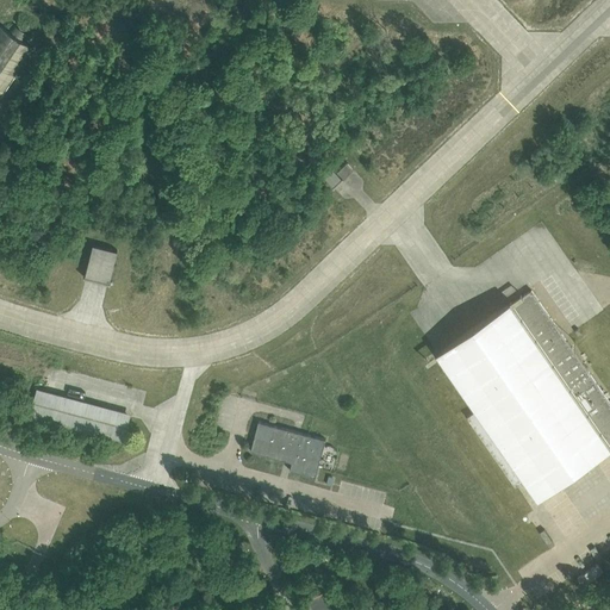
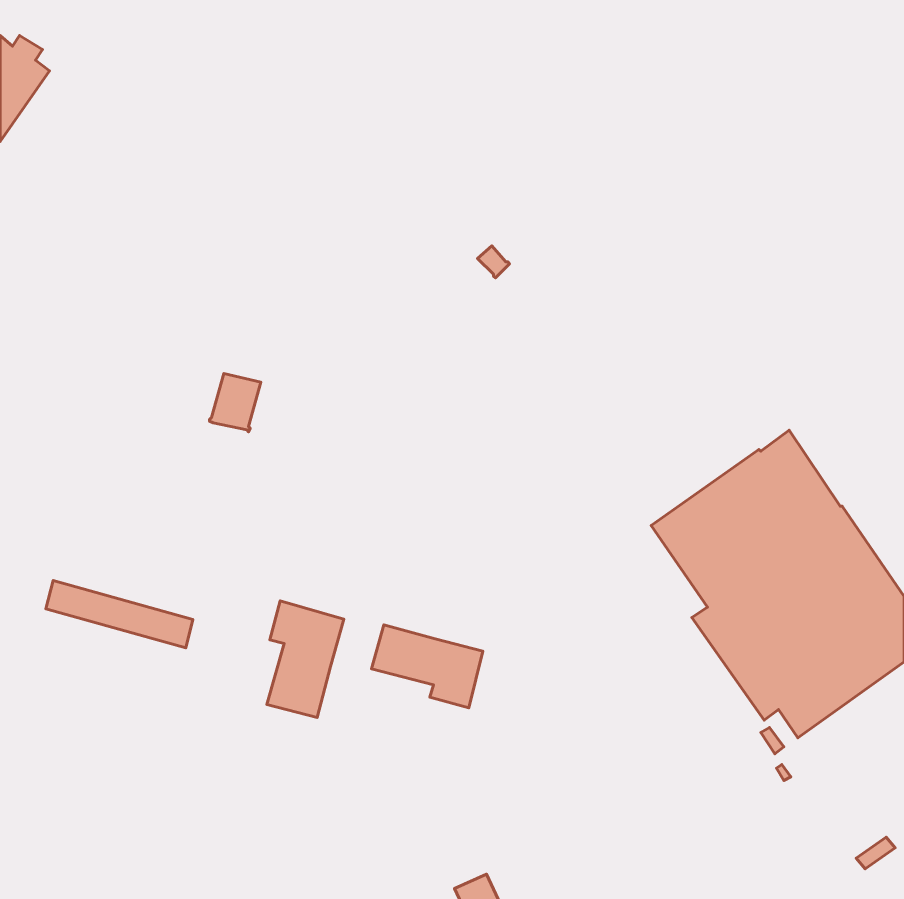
building: [83,248,118,287] -> [210,373,261,432]
building: none -> [267,601,344,718]

